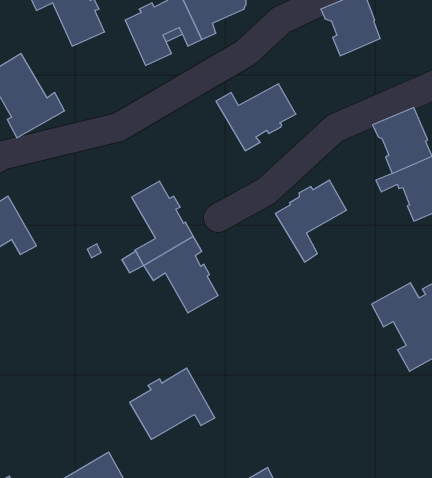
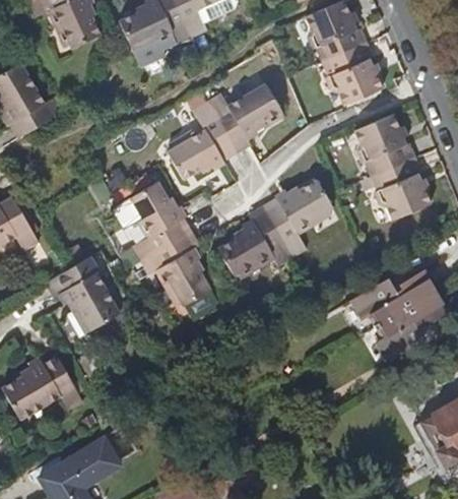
building: none -> [323,47,382,107]
building: none -> [168,106,234,187]
building: none -> [214,211,289,275]
building: none -> [46,254,120,327]
building: [130,368,215,439] -> [16,350,96,417]

